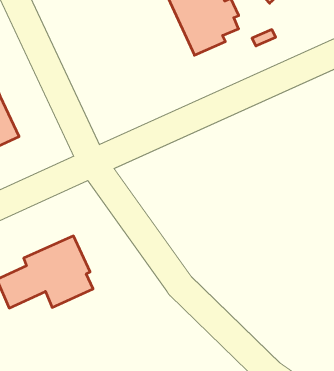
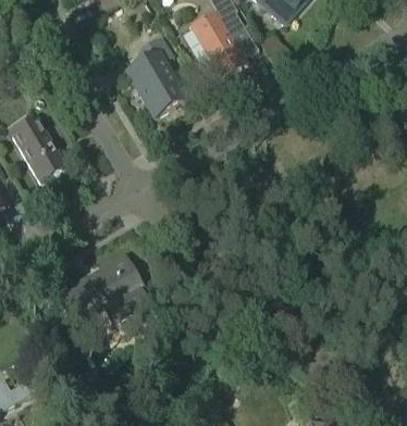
building: none -> [127,36,184,115]

